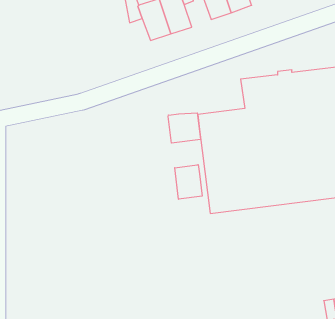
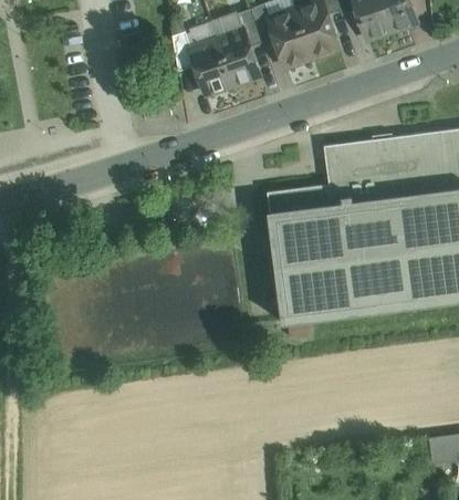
building: [168,113,201,143] -> none
building: [175,165,202,199] -> none

